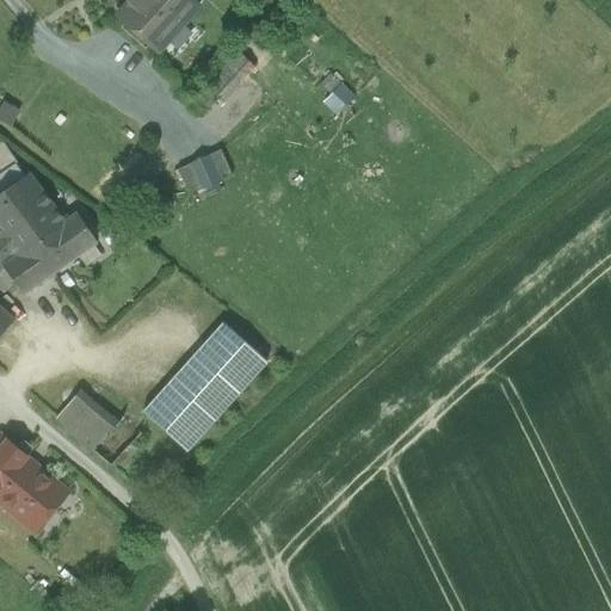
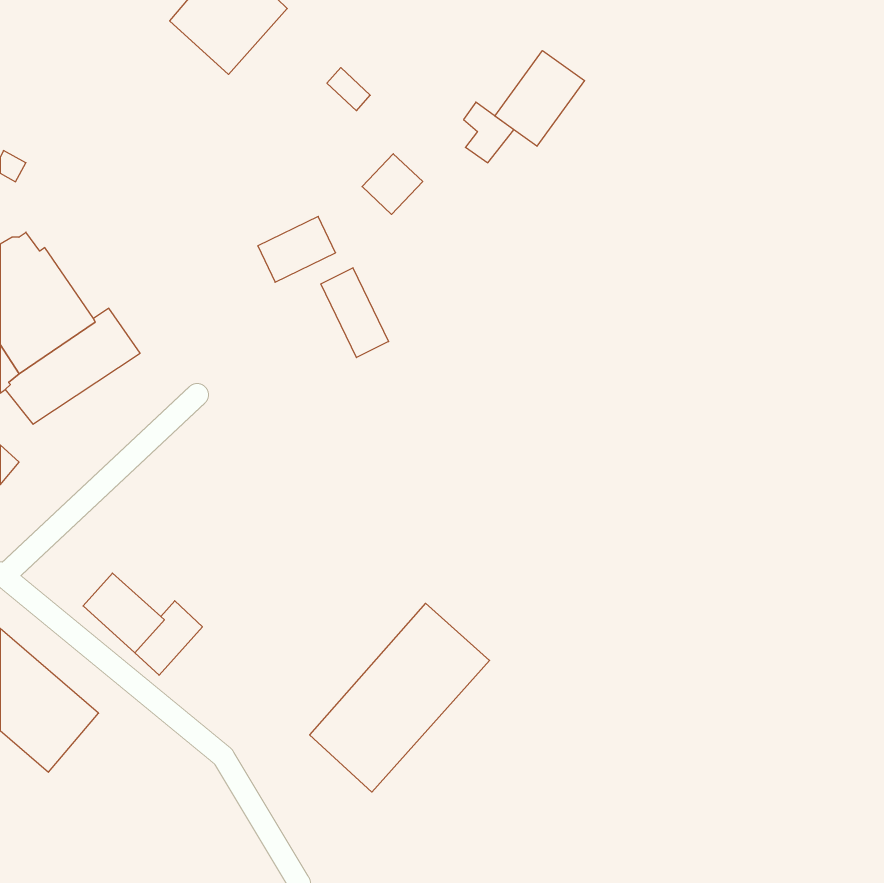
building: none -> [495,51,585,146]
building: [204,57,246,99] -> [362,154,423,214]
building: none -> [321,268,389,358]
building: [143,321,267,451] -> [310,603,490,792]

